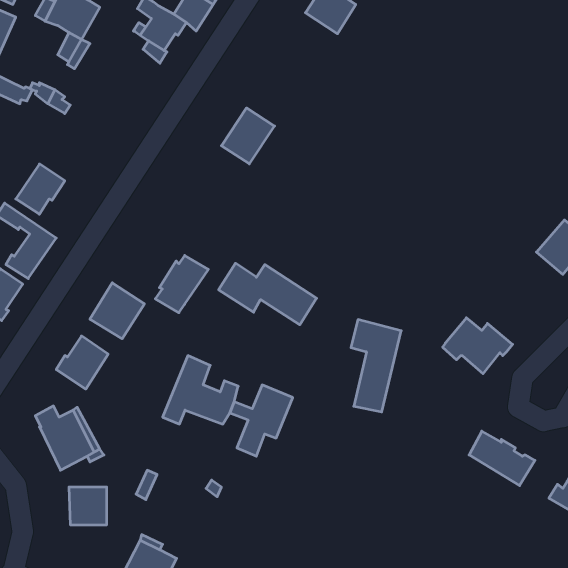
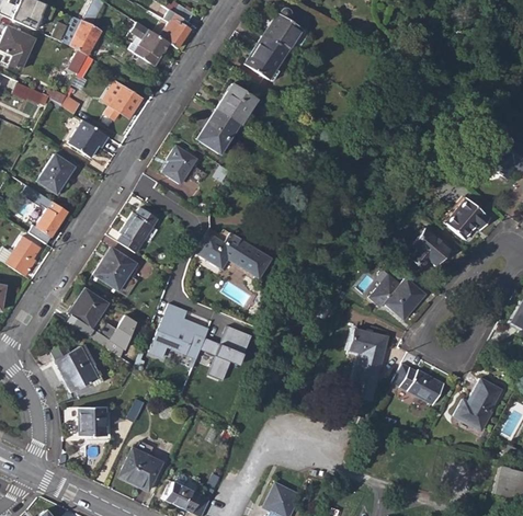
building: none -> [245,35,288,81]
building: none -> [102,81,143,121]
building: none -> [216,83,258,125]
building: none -> [68,121,109,158]
building: none -> [162,146,197,184]
building: [155,255,208,313] -> [117,207,159,252]
building: none -> [410,228,451,267]
building: [351,320,401,412] -> [350,328,389,400]
building: none -> [104,316,138,358]

